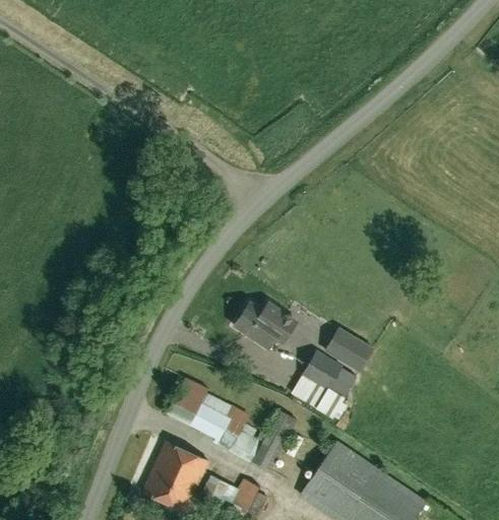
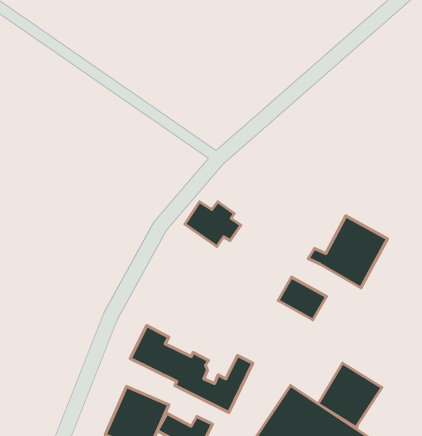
building: none -> [308,216,387,288]
building: [235,302,294,348] -> [185,202,241,246]
building: [292,350,359,418] -> [318,363,382,428]

